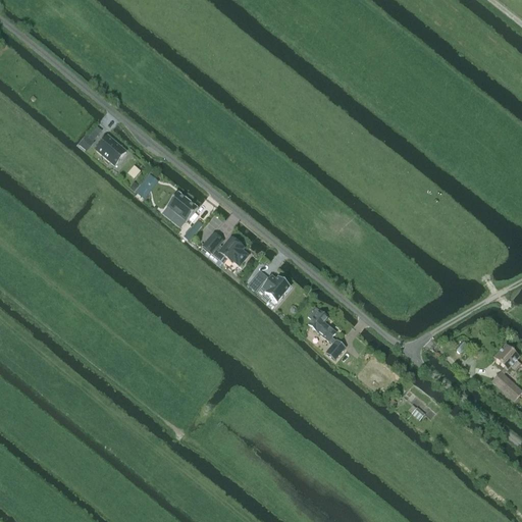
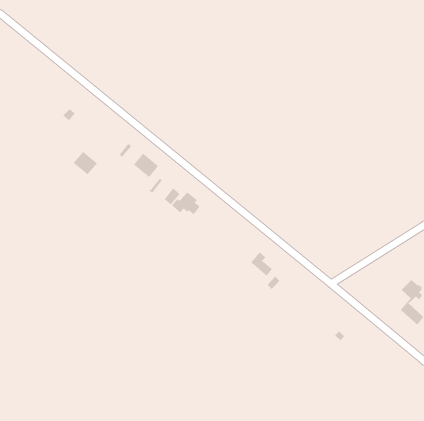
building: [94,134,124,163] -> [73,151,98,175]
building: [262,274,291,302] -> none

